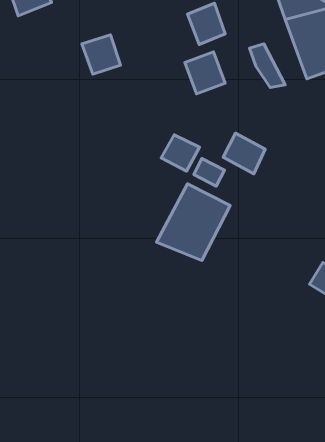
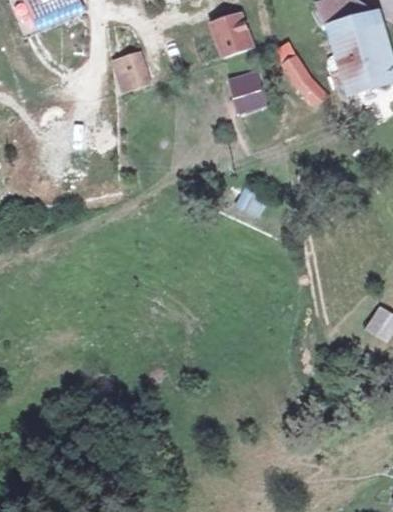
building: [223,133,265,174] -> none
building: [161,135,200,171] -> none
building: [157,184,230,261] -> none

